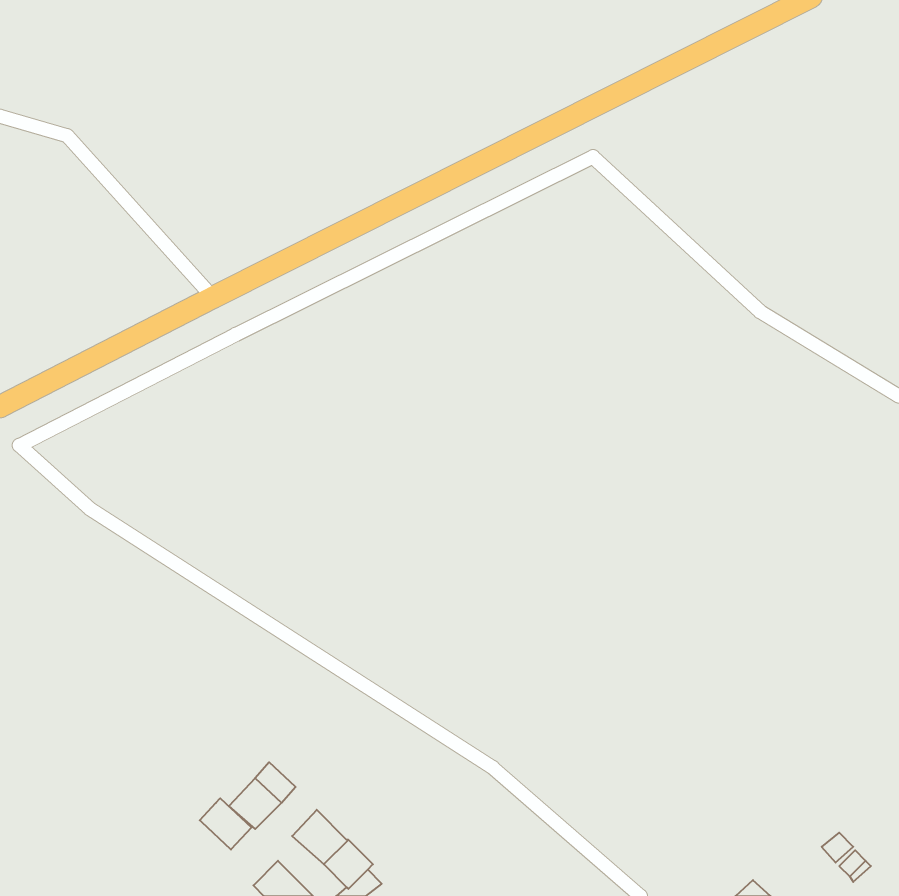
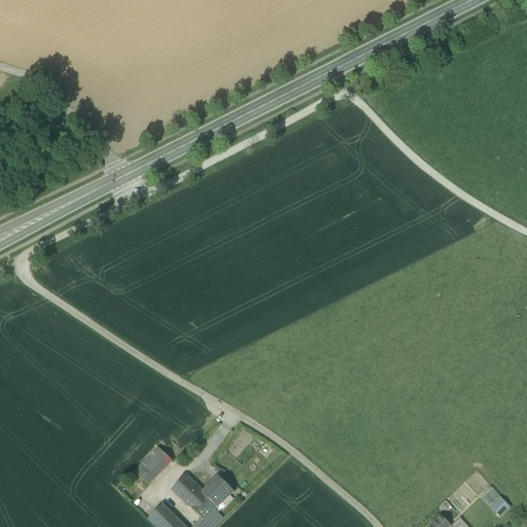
building: [200,798,251,850] -> none
building: none -> [203,476,233,505]

